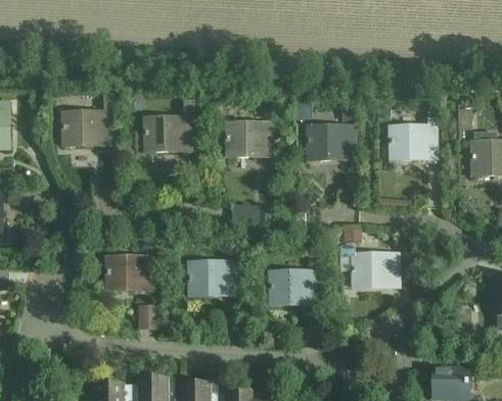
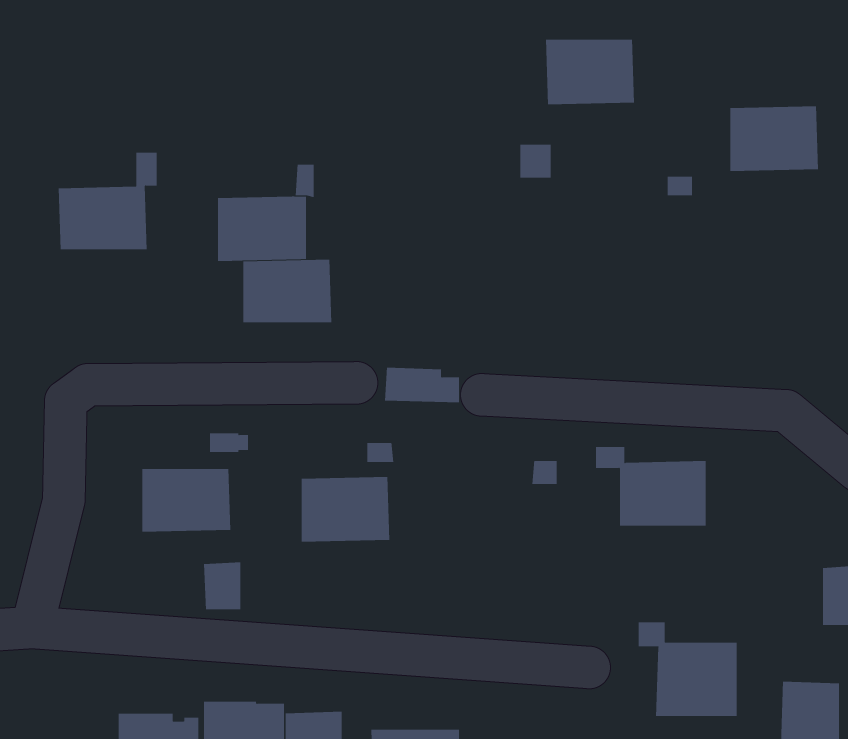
building: [227,122,273,155] -> [243,259,332,323]
building: [308,126,354,159] -> [545,39,635,105]
building: [390,126,436,159] -> [729,106,819,172]
building: [269,270,315,304] -> none
building: none -> [638,622,737,717]

